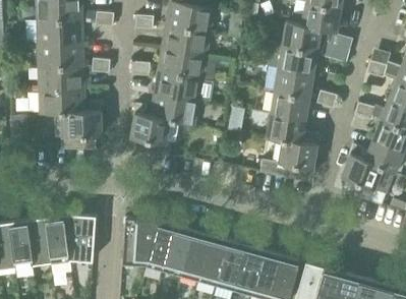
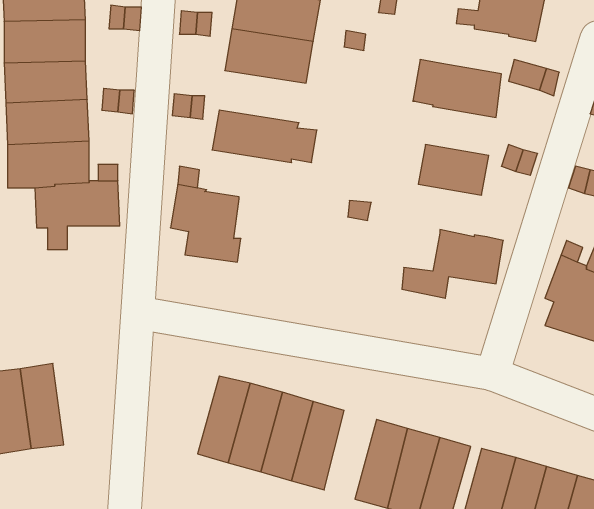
building: [282,22,321,52] -> none
building: [158,50,207,79] -> none
building: [264,67,313,98] -> none
building: [150,95,198,126] -> none
building: [266,114,318,145] -> none
building: [64,215,96,262] -> none
building: [122,218,158,265] -> none
building: [217,241,246,291] -> none

